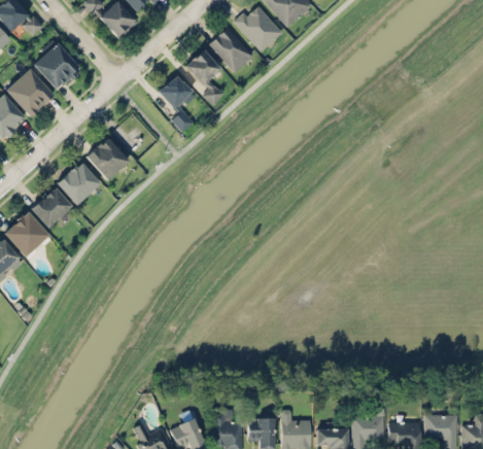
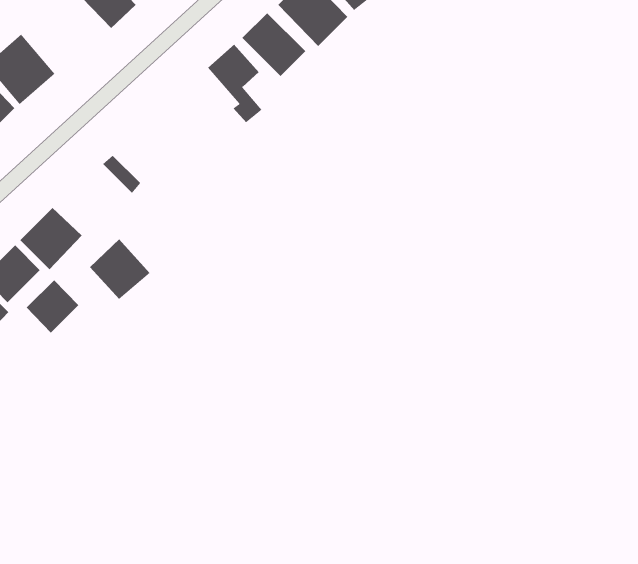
building: [159,74,198,136] -> none
building: [87,137,129,179] -> [89,239,151,300]
building: none -> [26,279,79,333]

